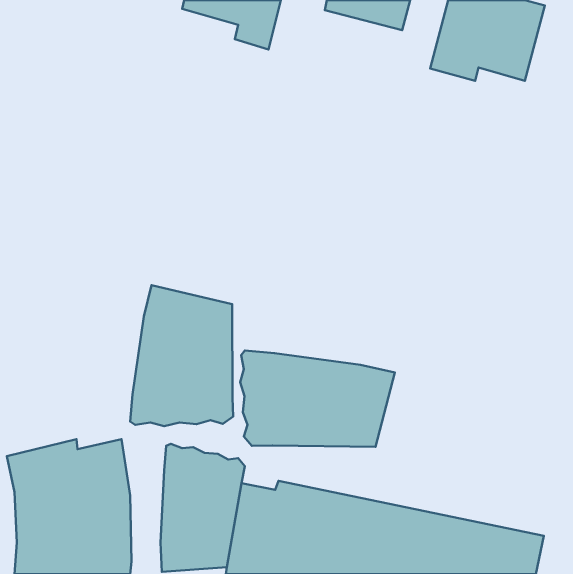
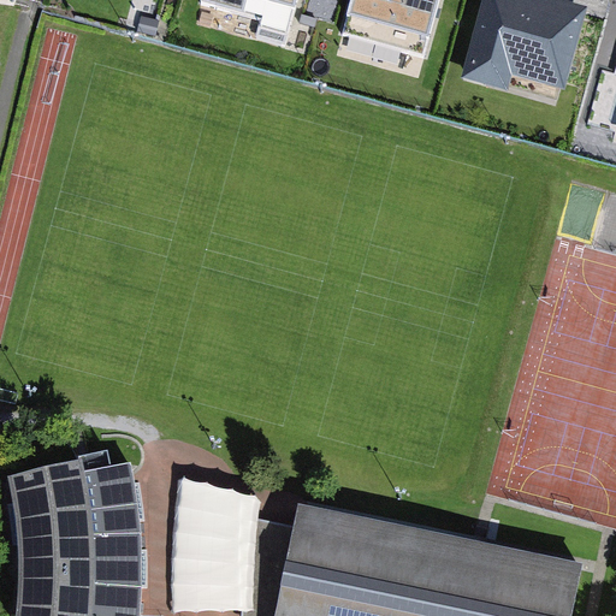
building: [130,285,233,426] -> none
building: [240,351,395,447] -> none

